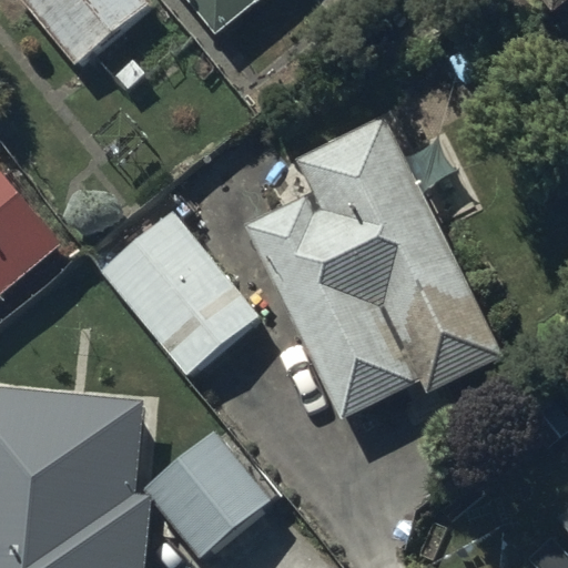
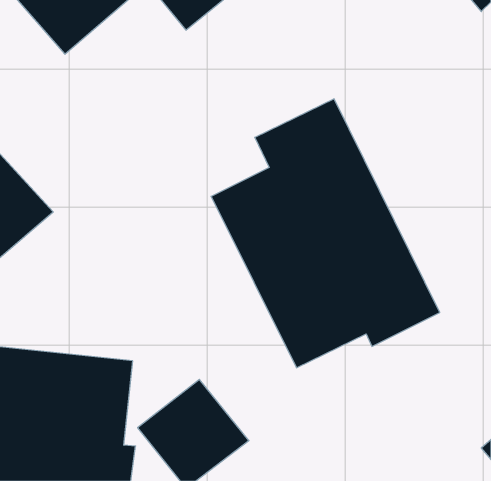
building: [98,205,261,375] -> none

